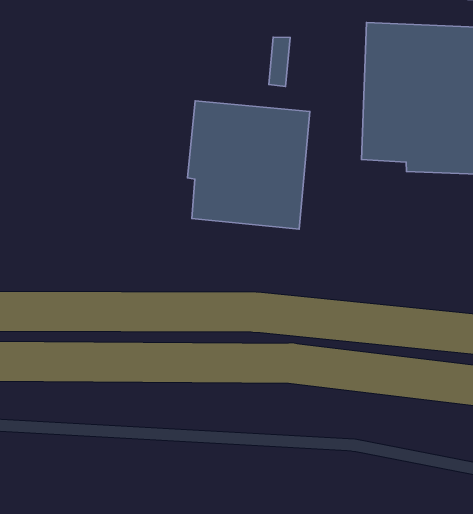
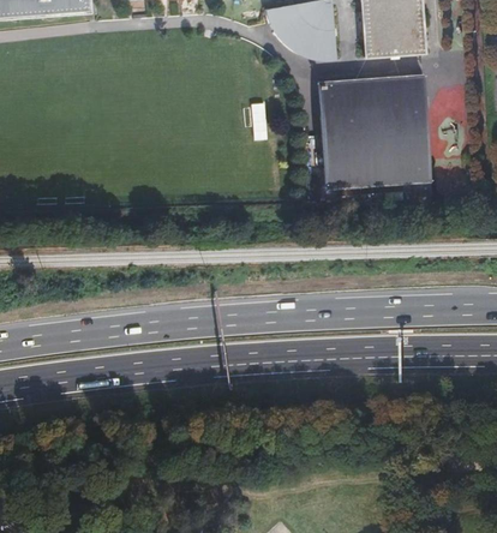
building: [188,101,310,229] -> none

